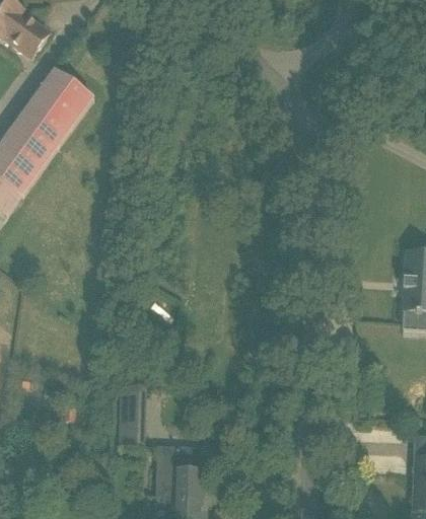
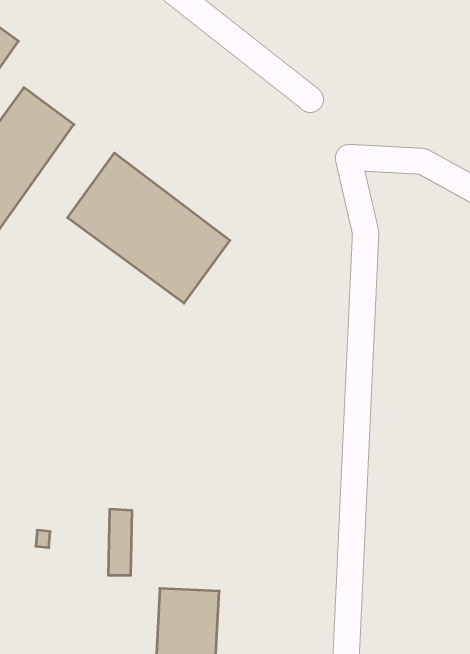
building: none -> [68,153,230,303]

